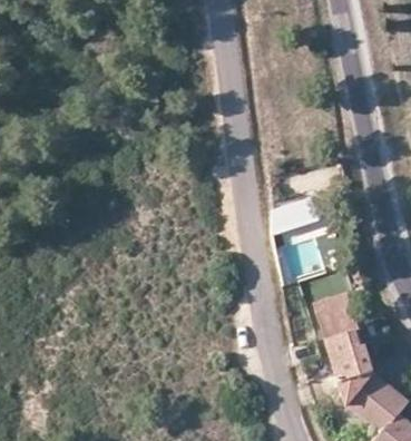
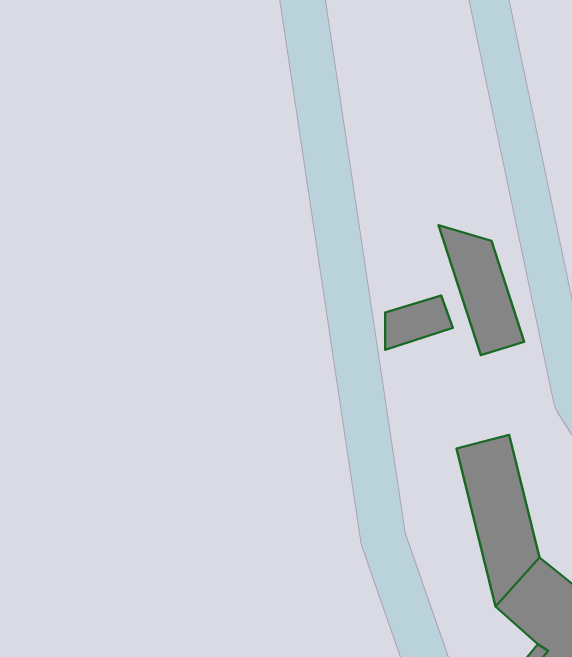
building: none -> [439,225,524,355]

